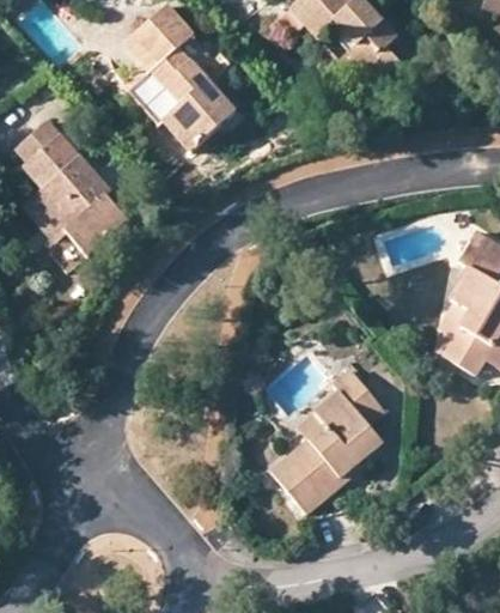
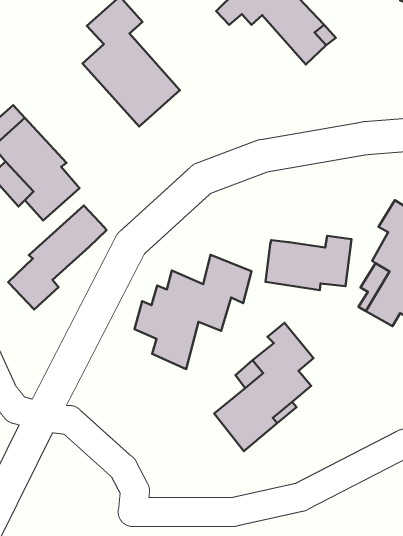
building: none -> [8,205,107,310]
building: none -> [265,236,351,290]
building: none -> [135,255,251,369]

